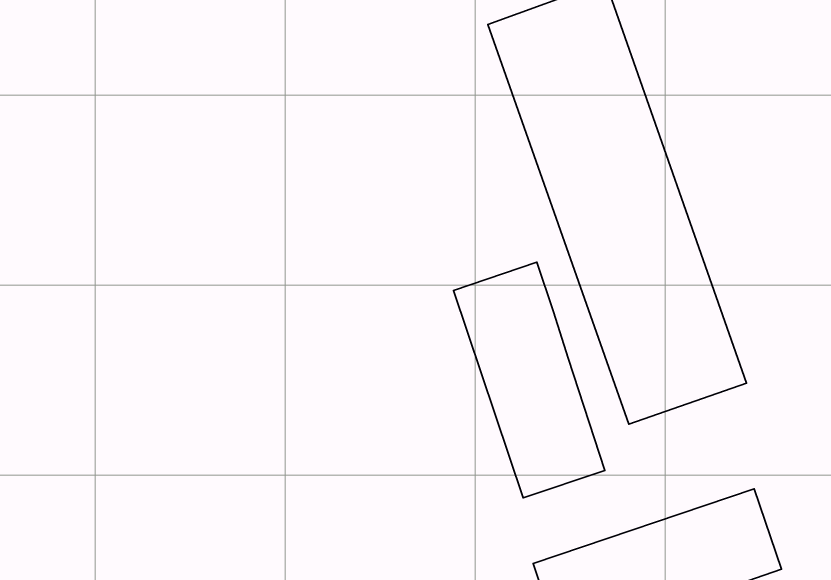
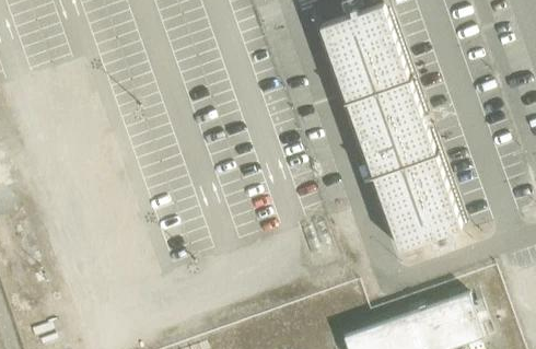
building: [453,262,605,498] -> none

